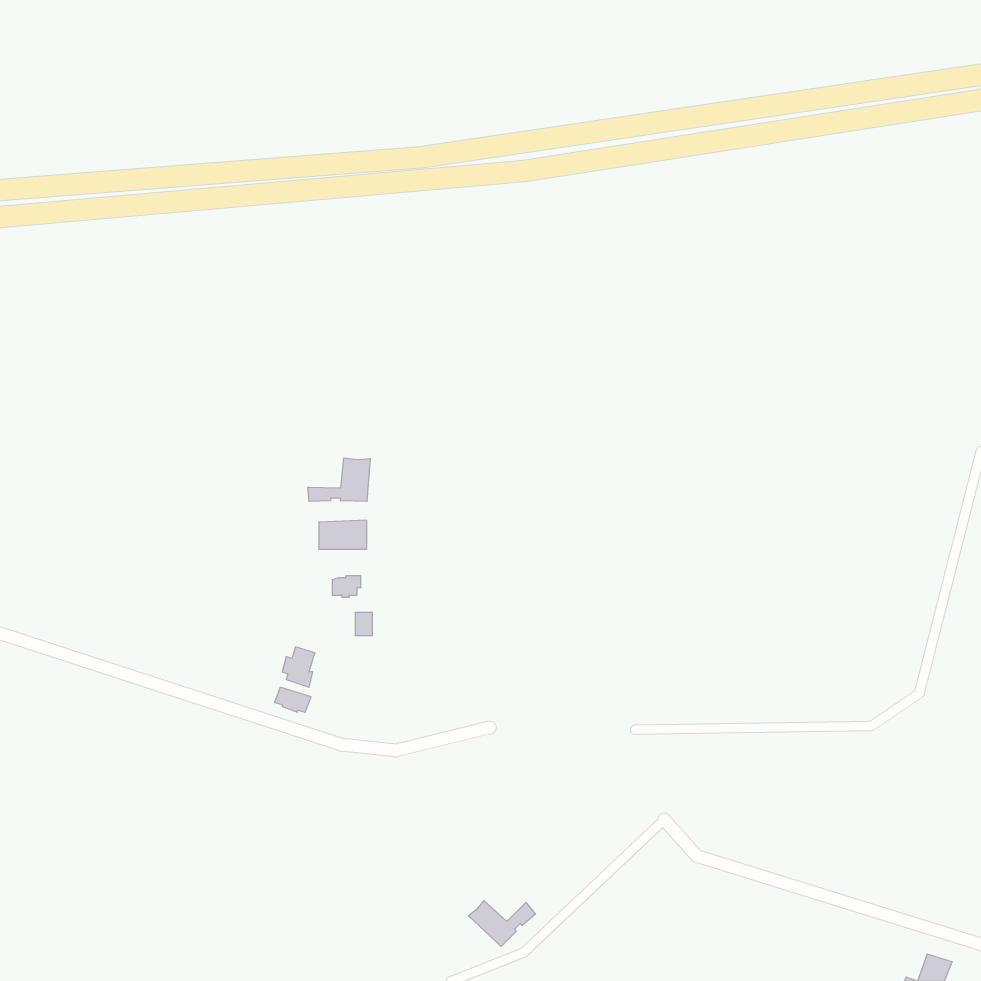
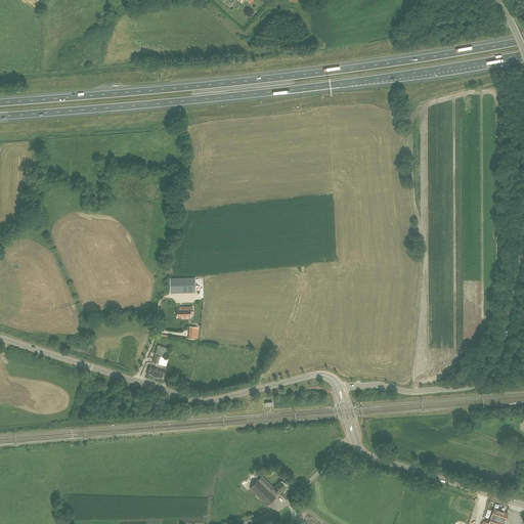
building: [308,458,370,502] -> none

